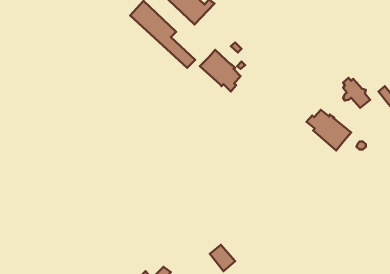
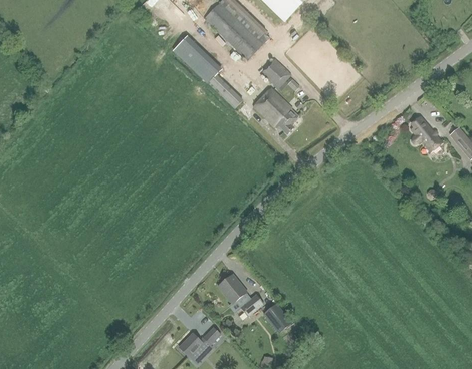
building: none -> [260,58,289,88]
building: [306,110,351,150] -> none
building: none -> [216,274,262,316]

